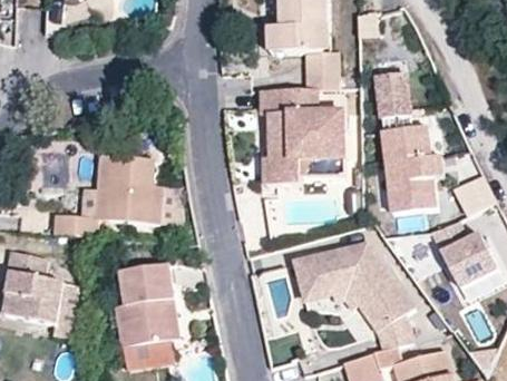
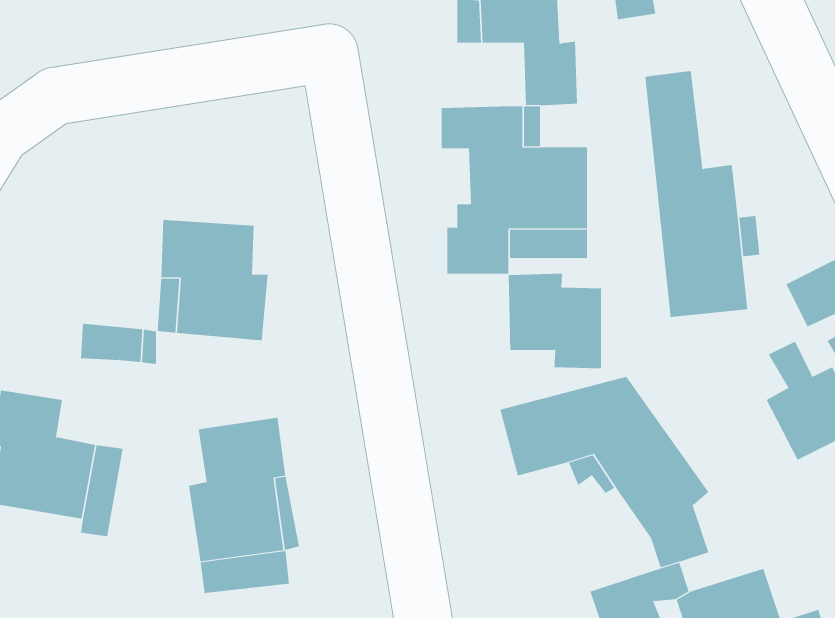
building: none -> [508,273,602,369]

